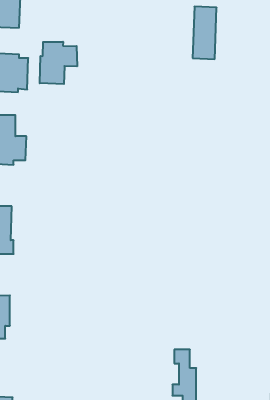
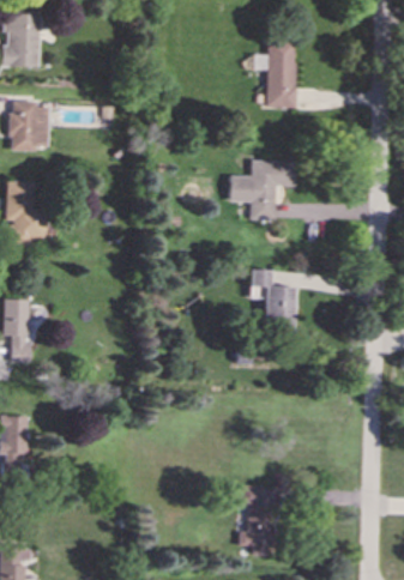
building: [40,42,77,84] -> none
building: none -> [230,159,294,219]
building: none -> [249,268,295,326]

